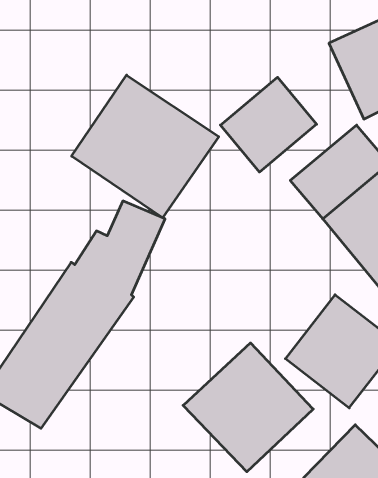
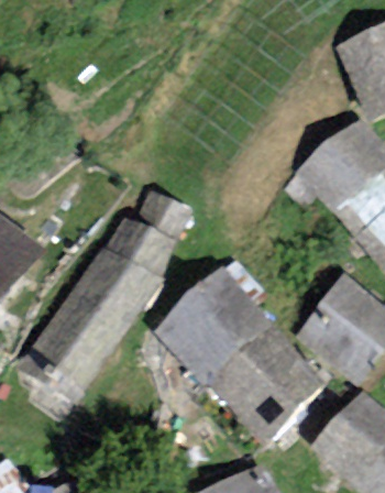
building: [72,75,219,218] -> none
building: [220,77,317,172] -> none
building: none -> [157,272,265,379]

